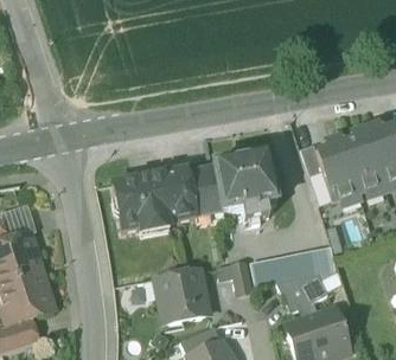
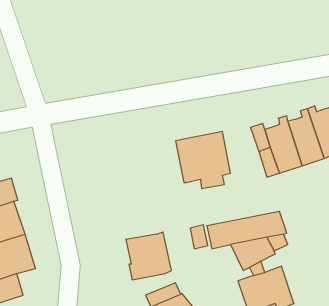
building: [113,165,223,232] -> none

